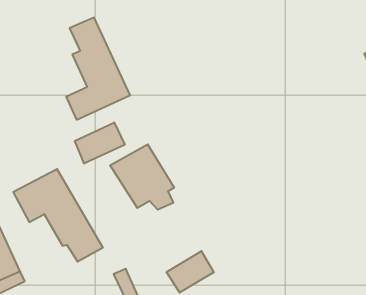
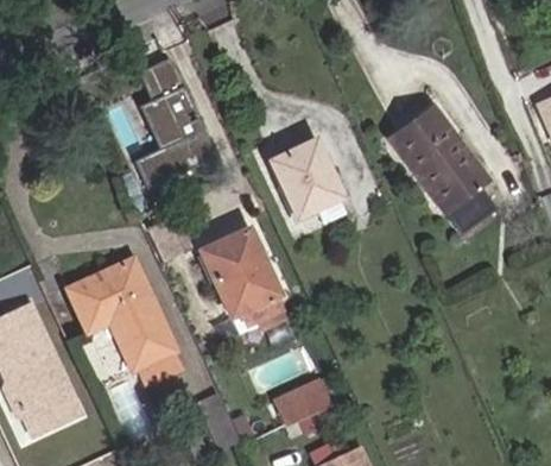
building: none -> [388,106,493,233]
building: none -> [268,139,341,218]
building: [75,122,125,164] -> none

